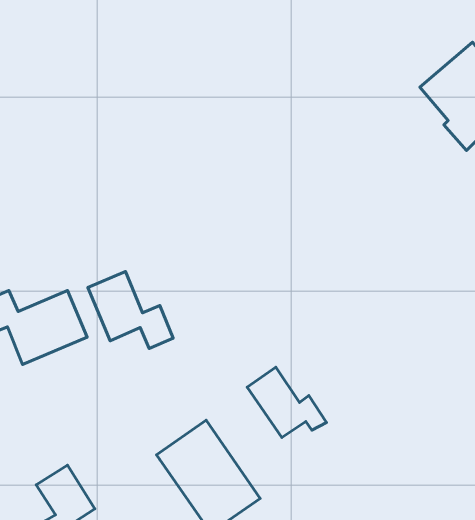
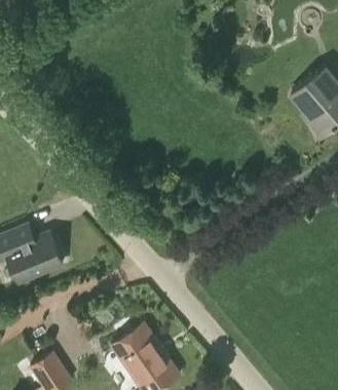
building: [88,272,173,349] -> none
building: [247,367,326,437] -> none

